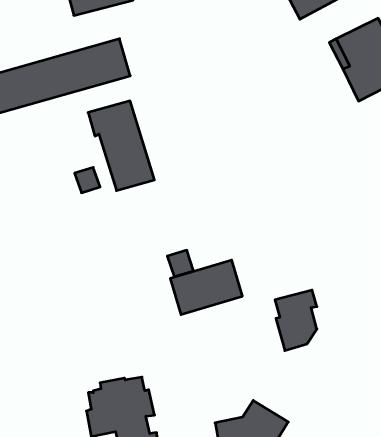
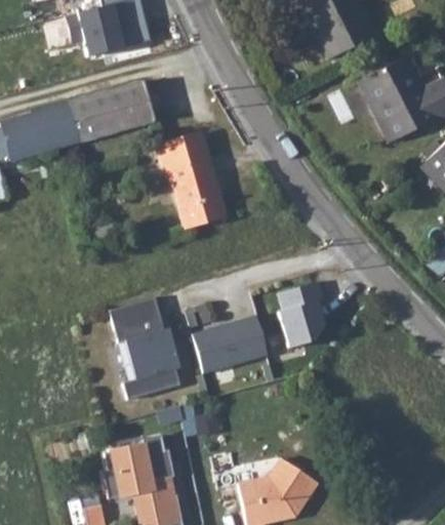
building: [88,101,154,191] -> [156,133,226,228]
building: none -> [108,297,179,399]
building: [275,290,317,351] -> [278,281,322,345]

